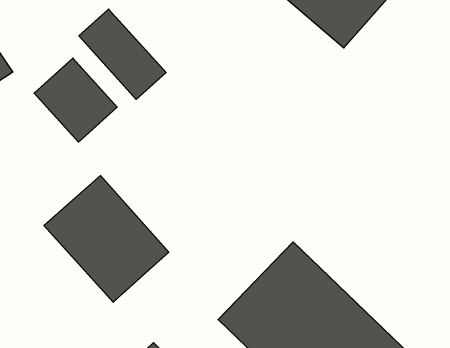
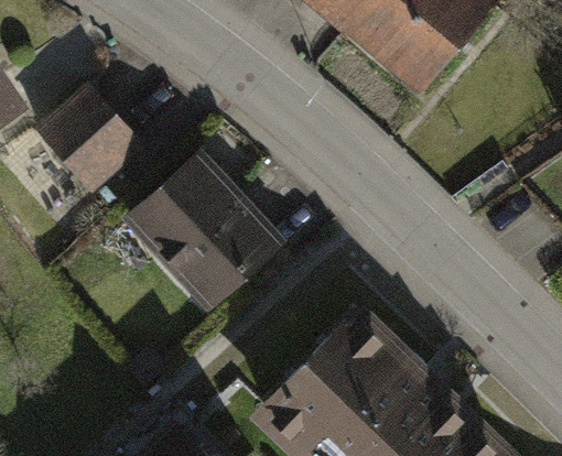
building: [79,9,166,99] -> none
building: [44,176,169,302] -> [129,155,278,306]

